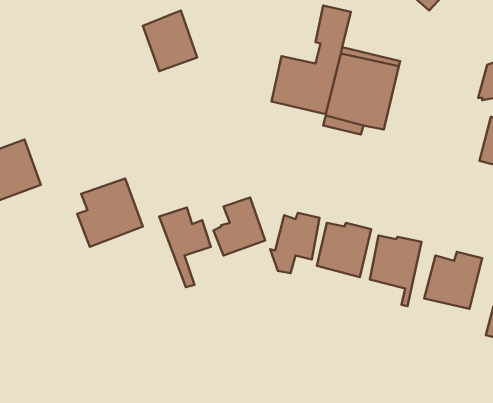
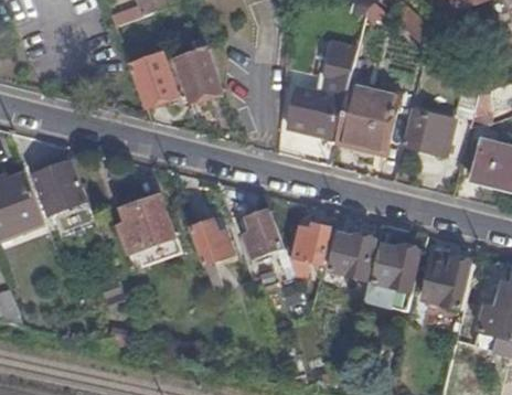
building: none -> [128,51,178,105]
building: none -> [401,109,446,152]

